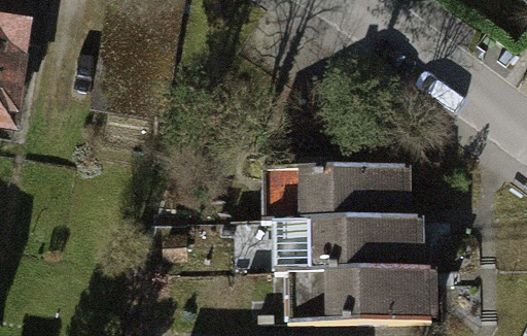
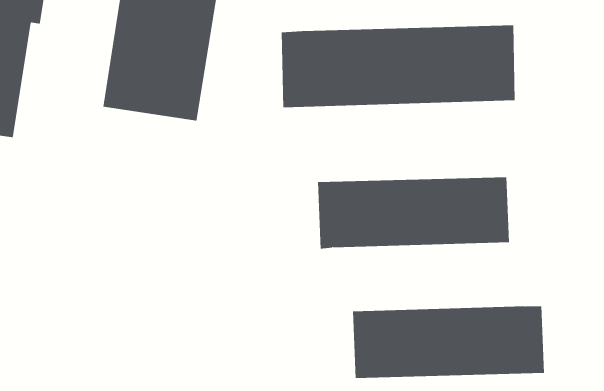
building: none -> [281,24,515,108]
building: [270,216,423,272] -> none

